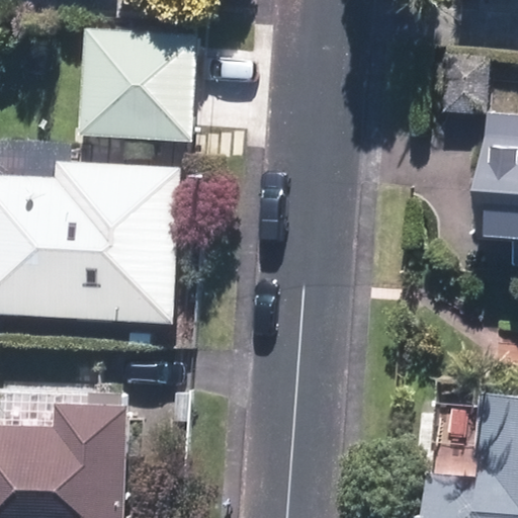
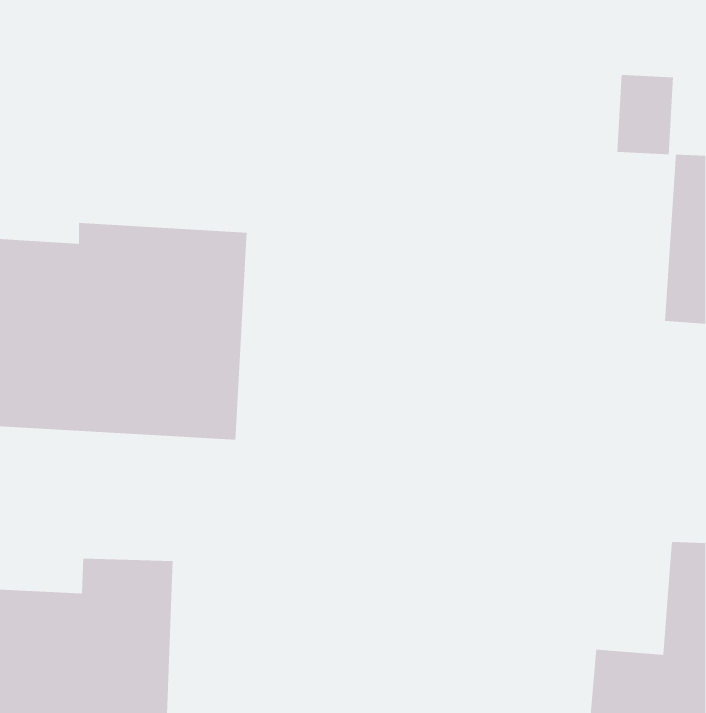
building: [81,31,196,139] -> none

